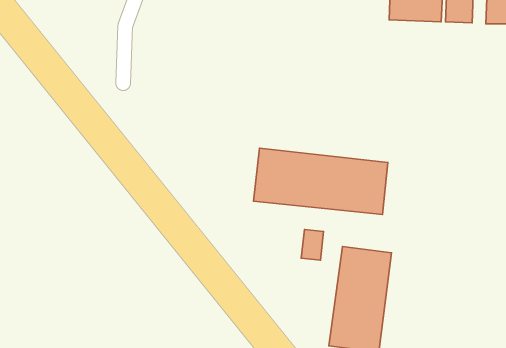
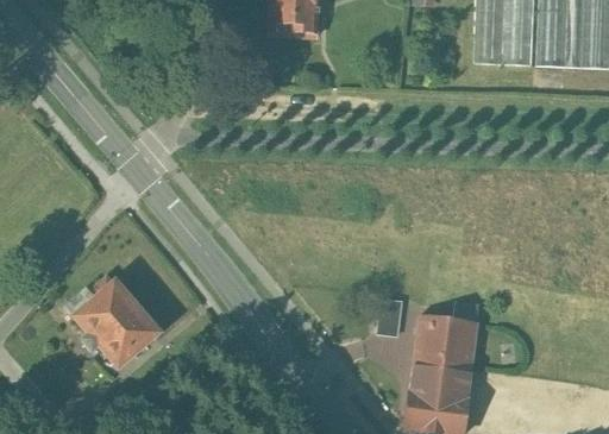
building: [253,148,388,214] -> none
building: none -> [80,281,163,363]

